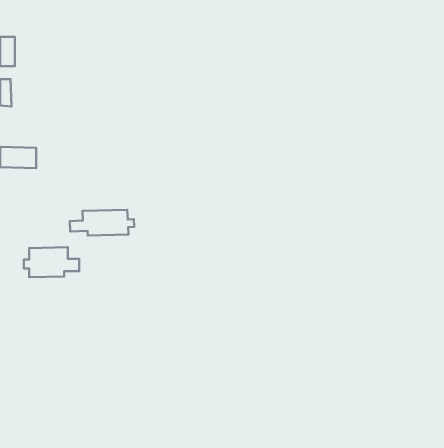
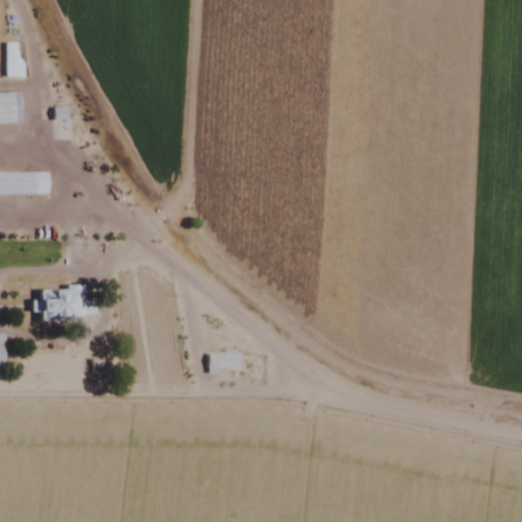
building: [70,210,134,235] -> none
building: none -> [209,353,241,372]

